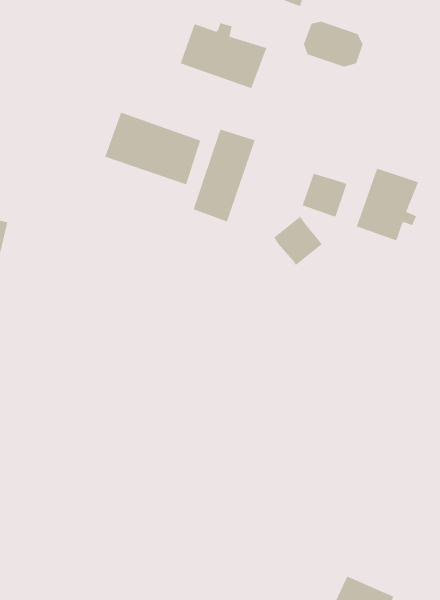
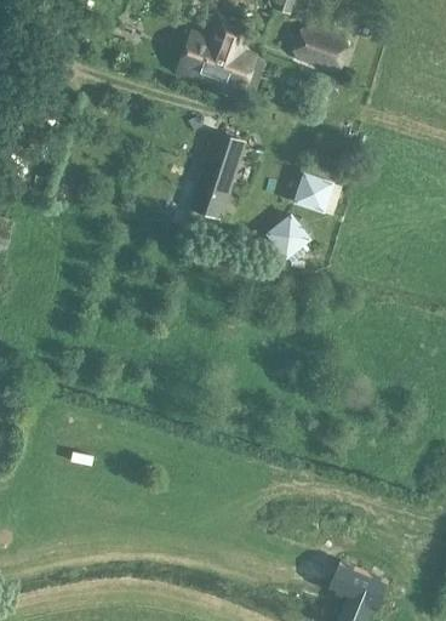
building: [105,112,201,185] -> none
building: [356,168,419,241] -> none

